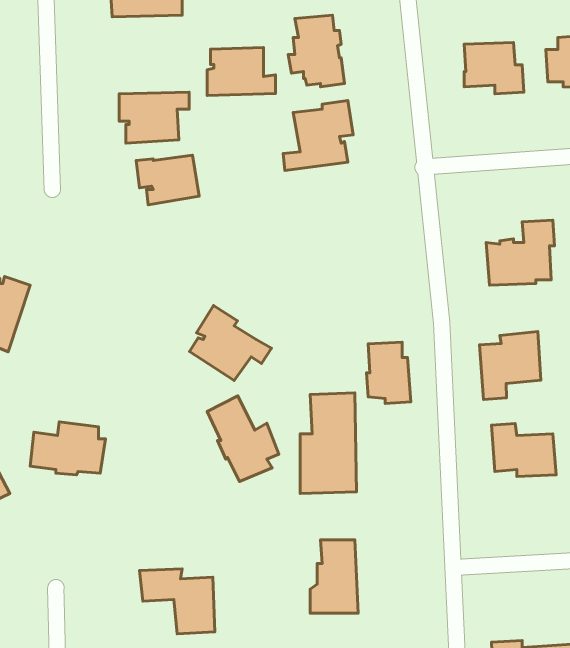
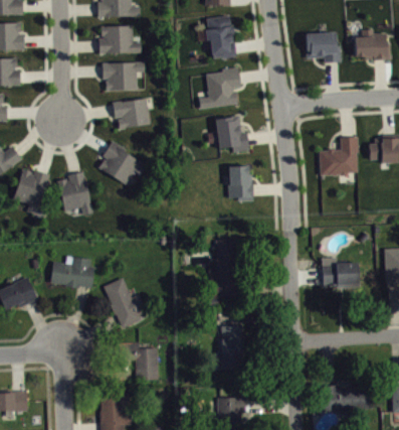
building: [207,48,275,95] -> [99,25,140,53]
building: none -> [215,115,248,152]
building: none -> [57,171,93,214]
building: [190,305,272,381] -> [98,140,147,184]
building: [480,332,541,399] -> none
building: [366,342,411,404] -> [227,165,253,201]
building: [207,396,279,481] -> [104,277,146,327]

